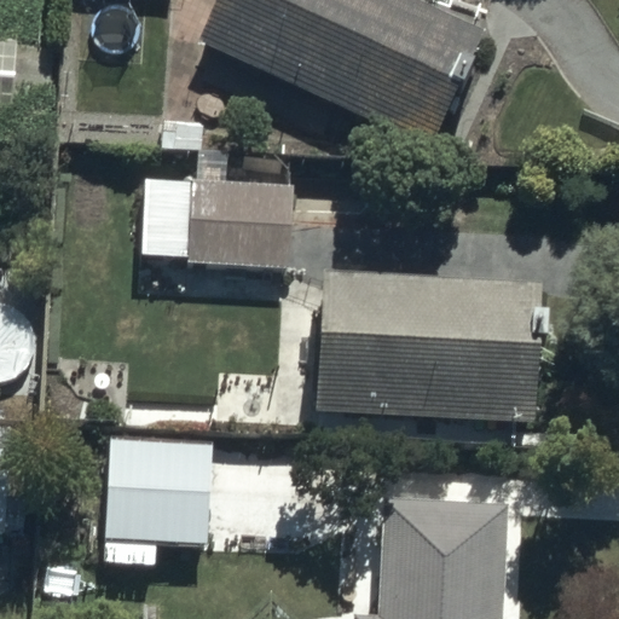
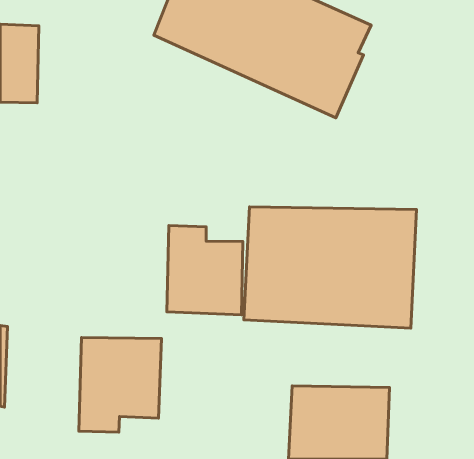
building: [139,164,291,268] -> none
building: none -> [167,226,243,315]

